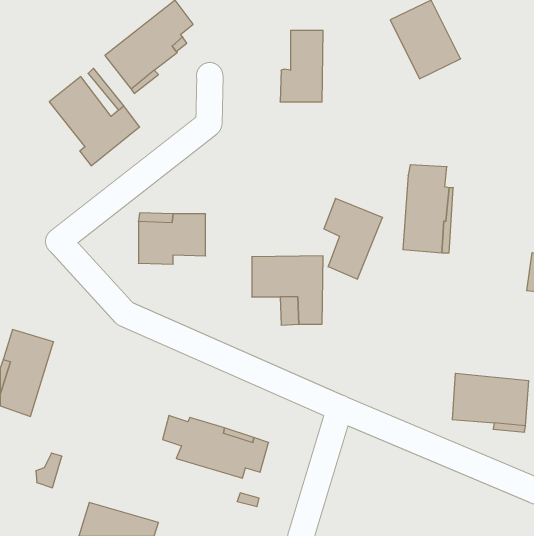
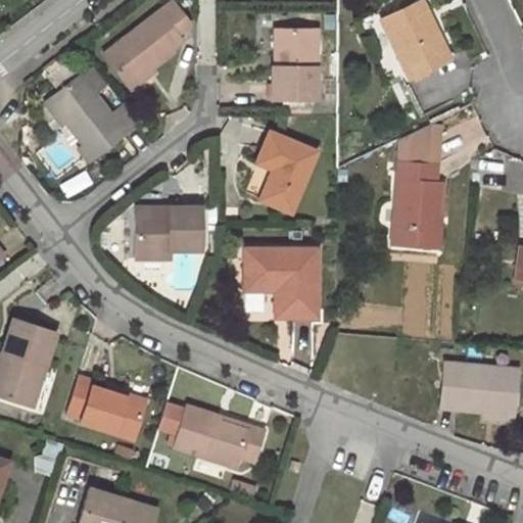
building: none -> [401,123,440,162]
building: [324,198,383,279] -> [258,133,316,211]
building: none -> [69,378,145,437]

